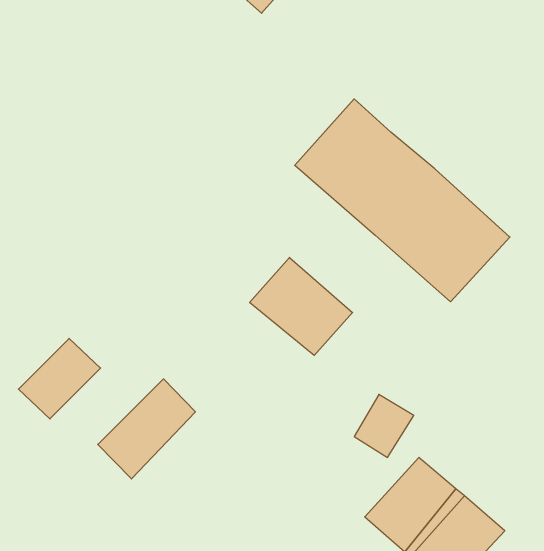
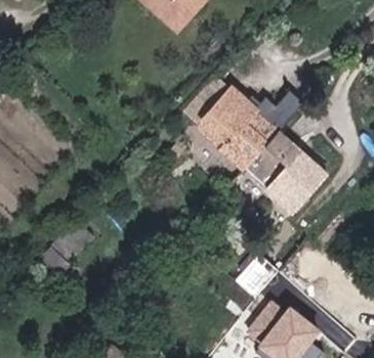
building: [250,257,353,355] -> none
building: [98,379,195,479] -> none

